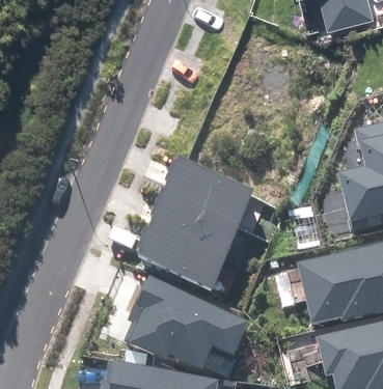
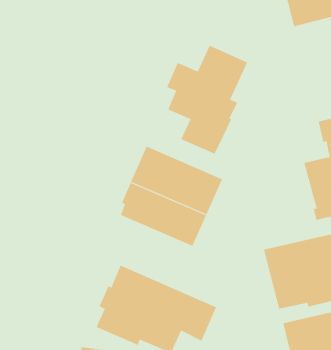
building: none -> [167,45,248,154]
building: [133,224,224,288] -> none

